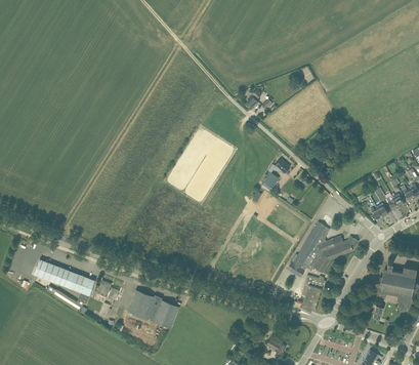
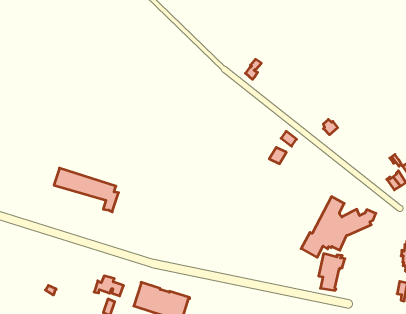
building: [33,259,92,303] -> [54,168,119,212]

